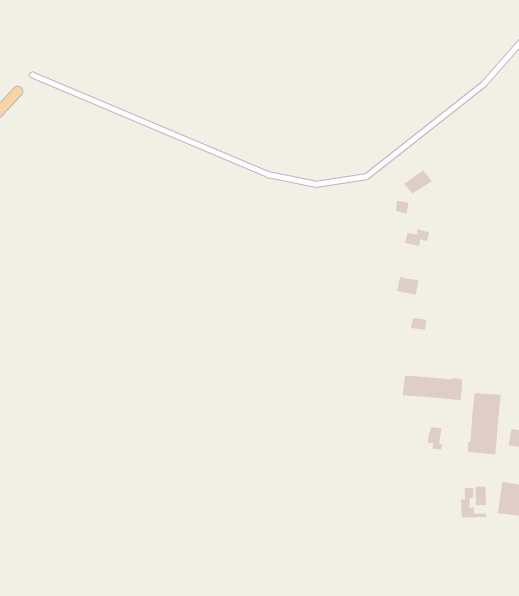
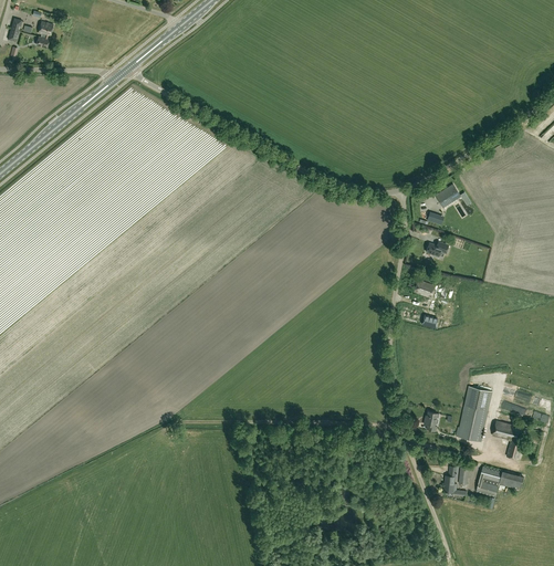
building: [402,375,463,401] -> none

